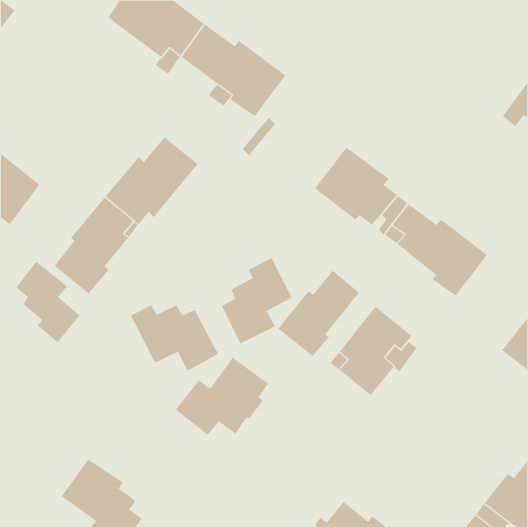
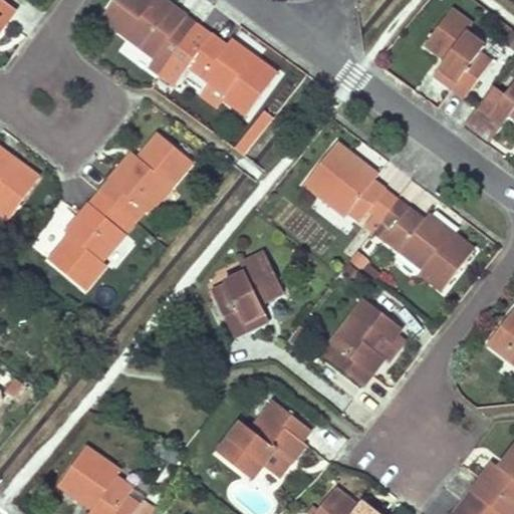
building: none -> [426,8,491,96]
building: [15,261,80,343] -> none
building: [278,270,360,357] -> none
building: [130,304,219,371] -> none
building: [175,357,269,435] -> [218,401,309,477]

